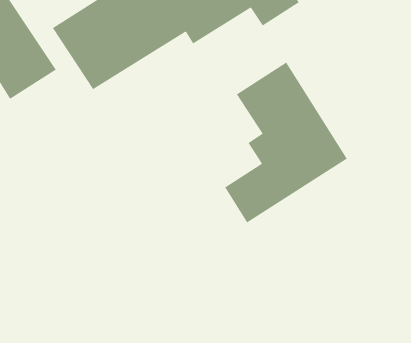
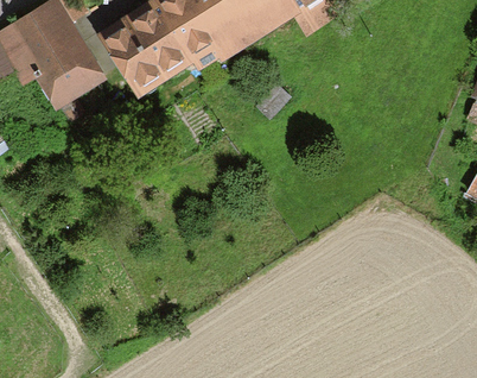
building: [224,61,348,223] -> none

